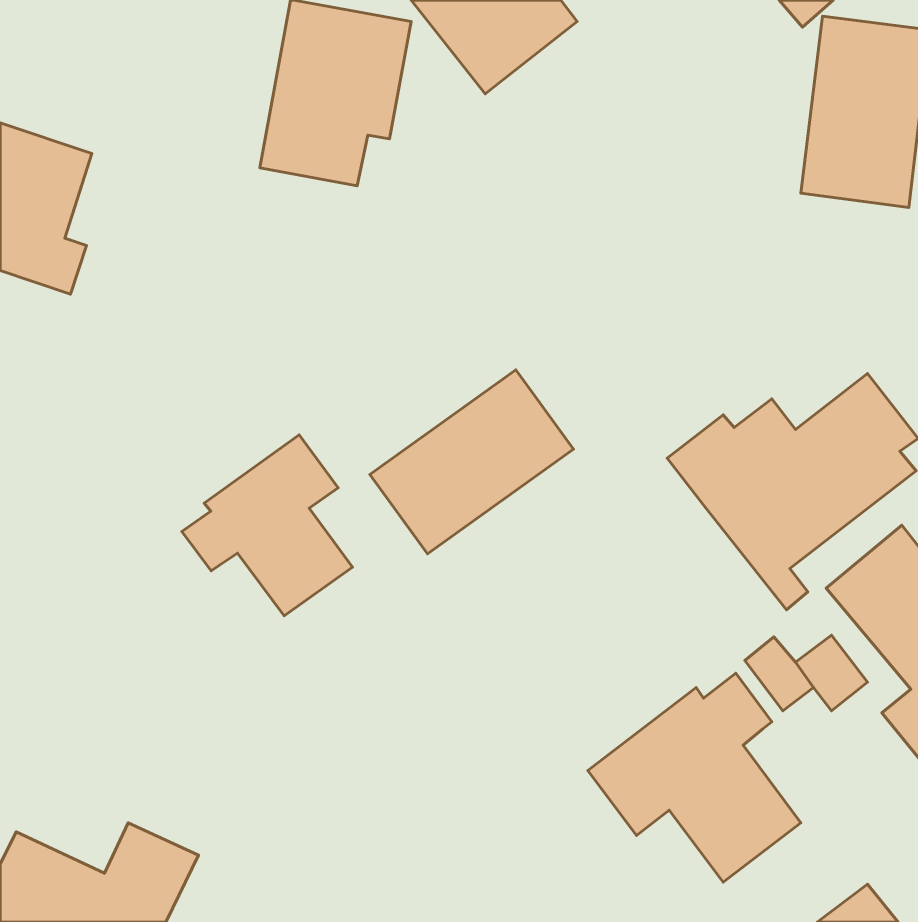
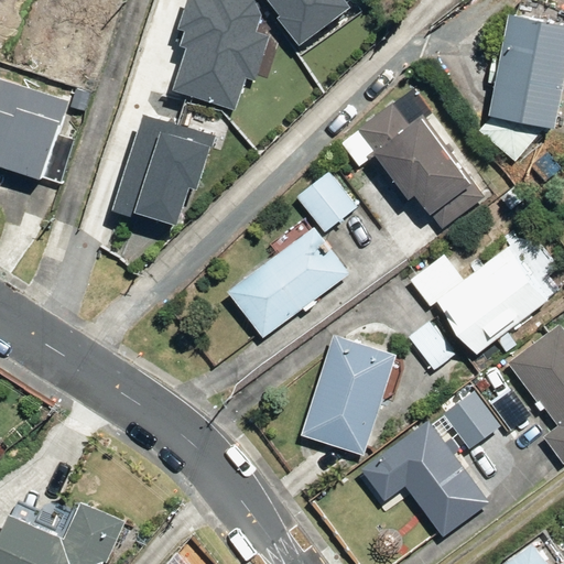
building: none -> [341,84,497,232]
building: none -> [95,131,196,236]
building: none -> [297,170,359,232]
building: [182,435,352,616] -> none
building: none -> [302,332,401,455]

